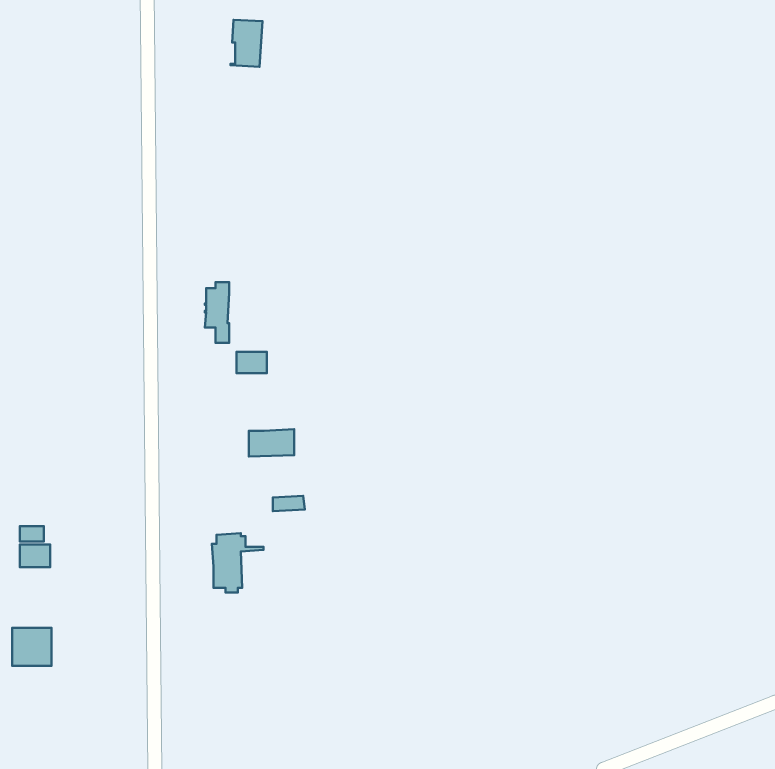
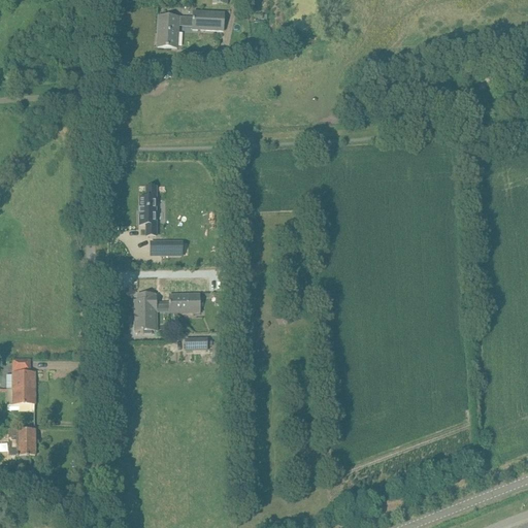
building: none -> [193,10,225,28]
building: [212,533,264,592] -> [134,291,169,331]
building: none -> [13,386,34,408]

